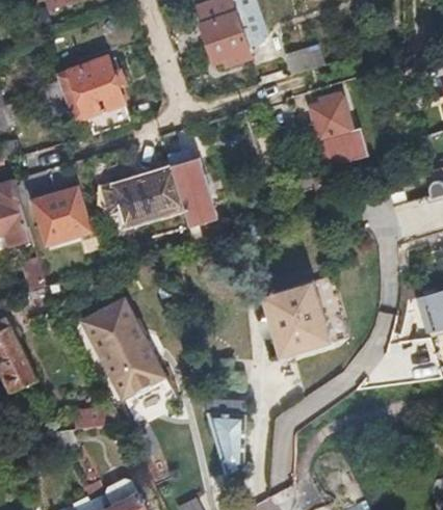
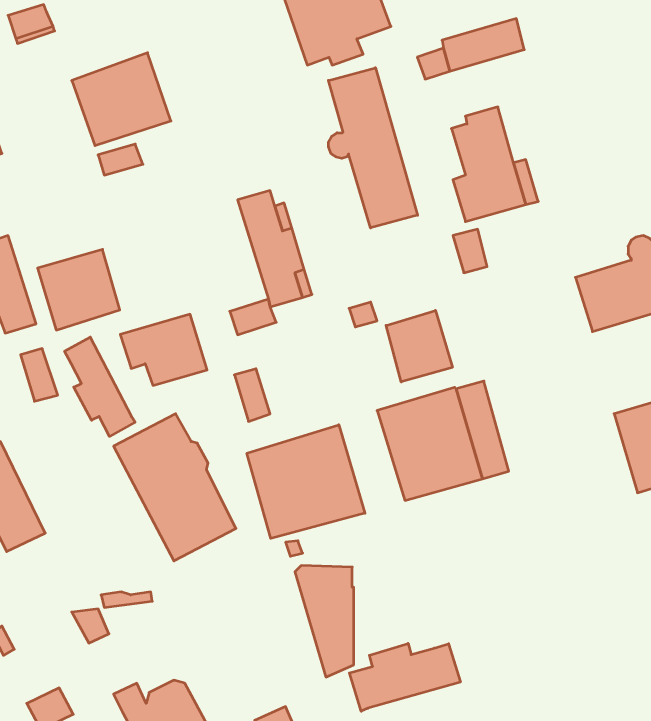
building: none -> [328,68,418,228]
building: [103,176,161,223] -> [120,314,207,385]
building: none -> [386,310,452,382]
building: none -> [65,337,135,436]
building: none -> [247,425,365,538]
building: none -> [349,643,460,711]

